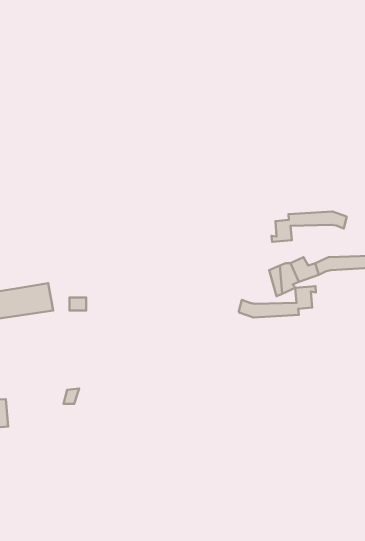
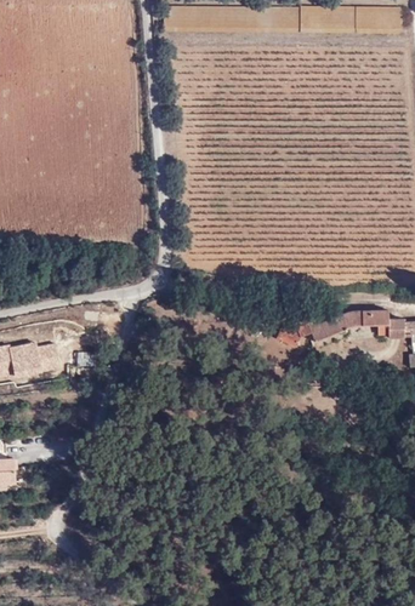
building: [272,212,347,242] -> none
building: [239,286,316,317] -> none

